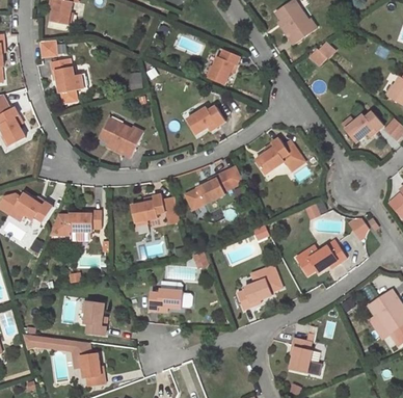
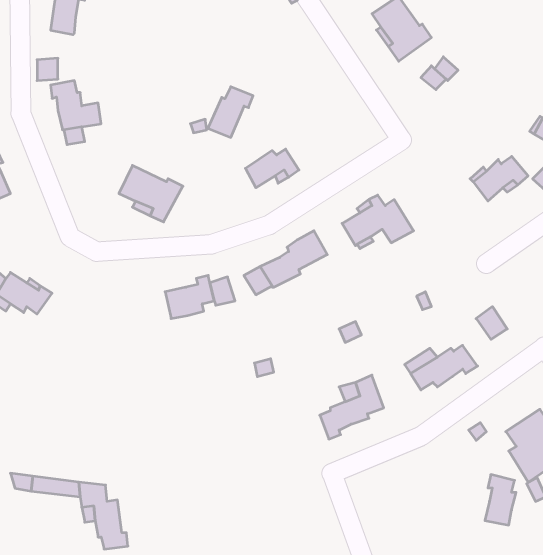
building: [208,50,239,85] -> [208,87,253,137]
building: [49,211,100,236] -> none
building: [151,289,194,311] -> none
building: [85,300,107,336] -> none
building: [290,337,312,372] -> [485,475,516,525]

